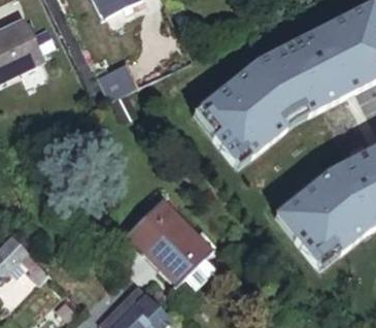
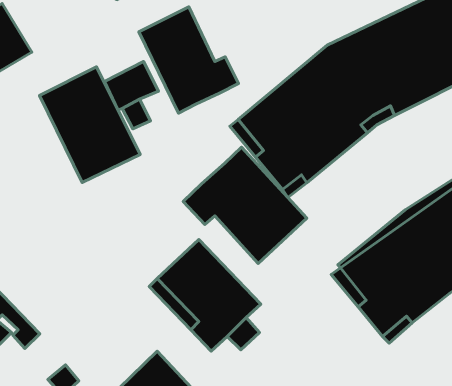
building: none -> [139,7,238,113]
building: none -> [40,67,140,182]
building: none -> [183,147,307,264]

